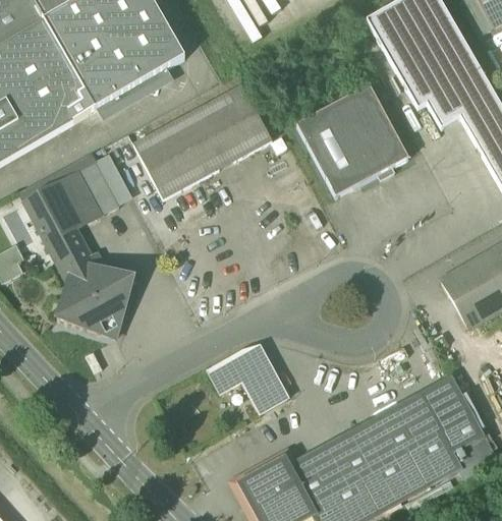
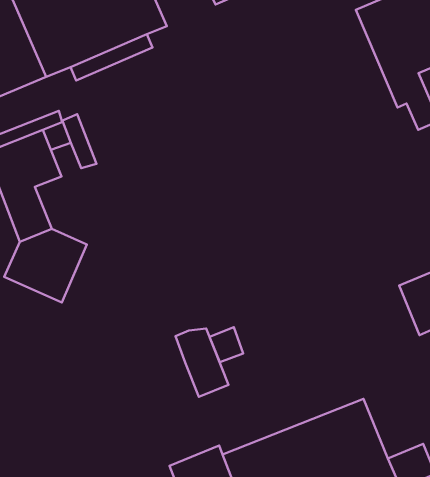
building: [133,83,272,197] -> none
building: [296,83,408,196] -> none
building: [88,180,119,214] -> none
building: [208,355,242,391] -> [209,327,243,362]
building: [420,375,483,449] -> none

